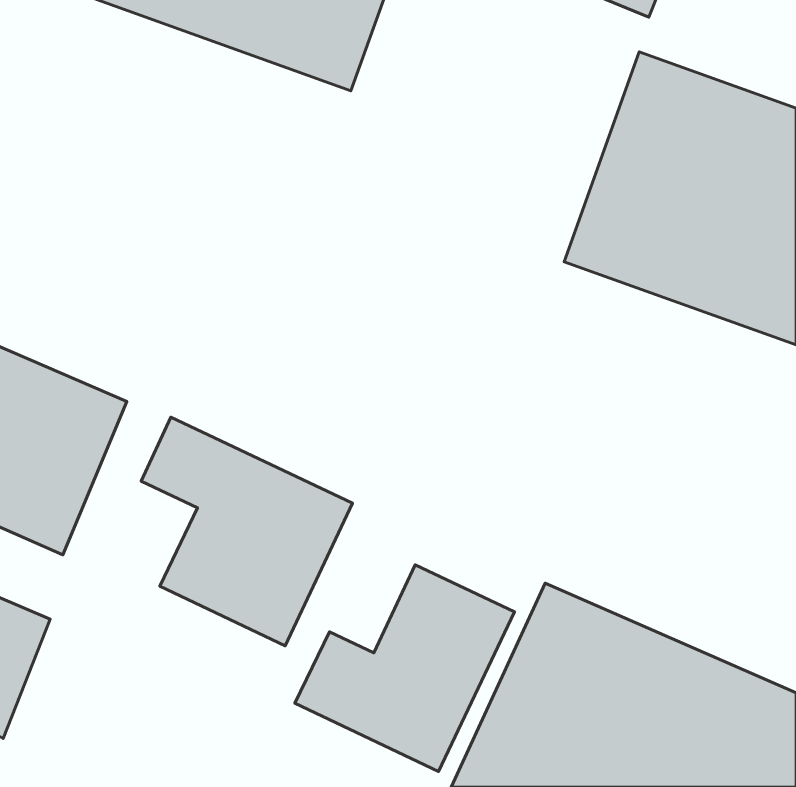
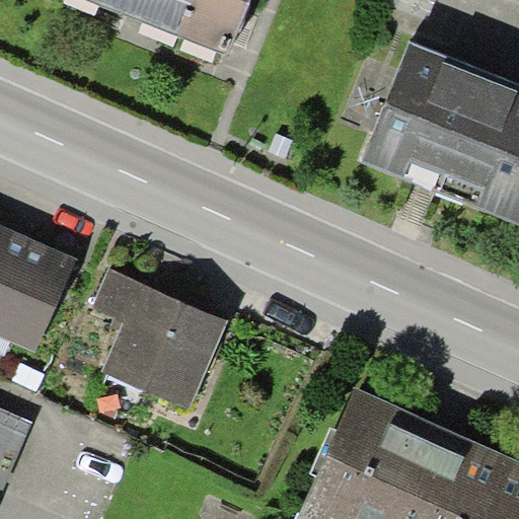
building: [295,565,514,771] -> none

